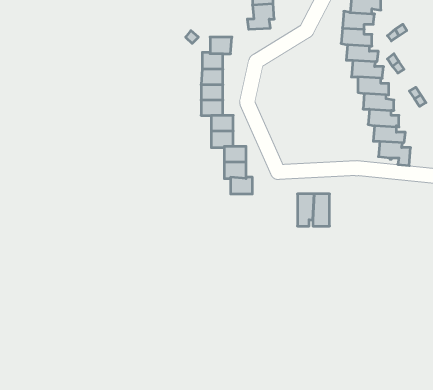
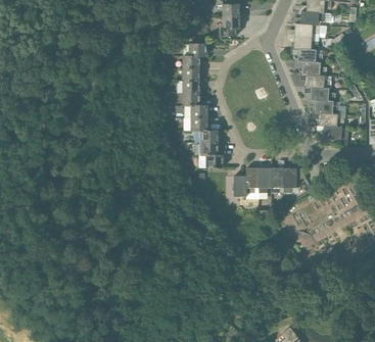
building: none -> [233,167,259,199]
building: none -> [283,167,306,193]

